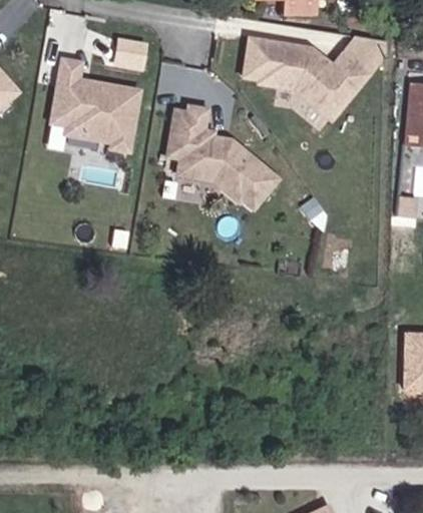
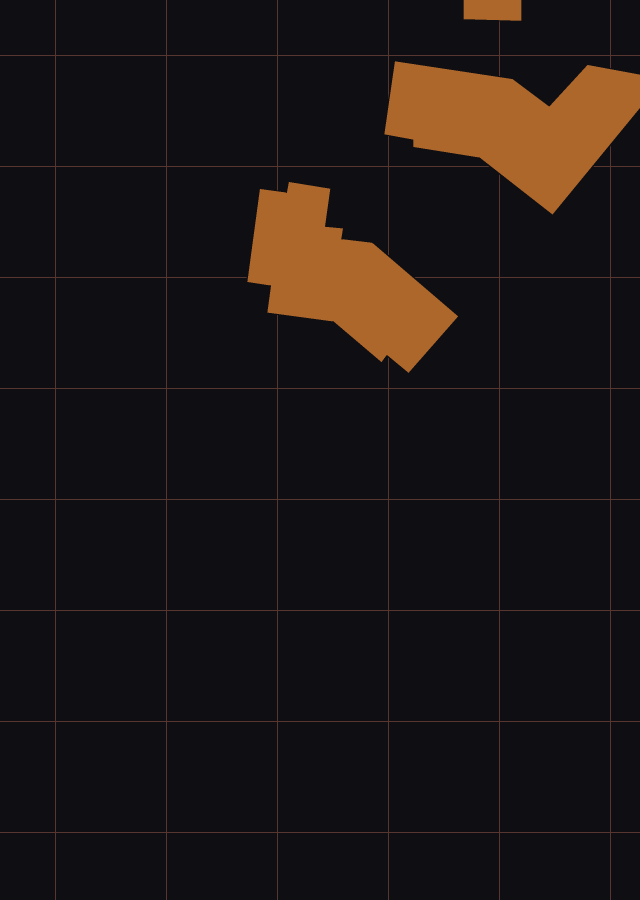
building: [45,56,145,157] -> none

